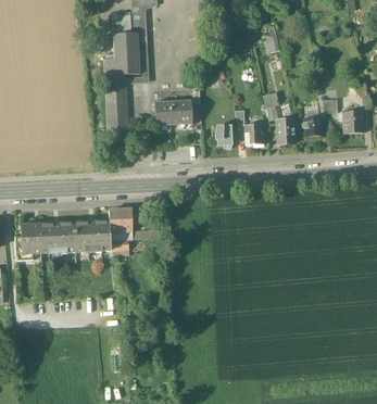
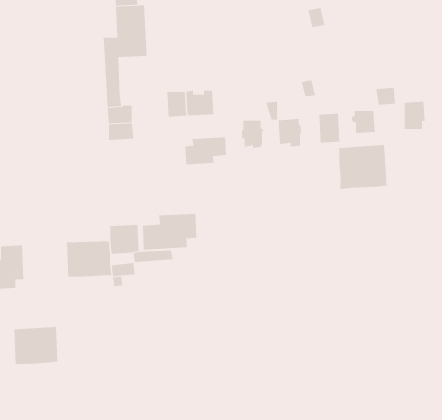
building: none -> [185,136,226,165]
building: none -> [339,144,387,190]
building: none -> [142,213,197,250]
building: [40,222,76,252] -> [14,326,58,364]

